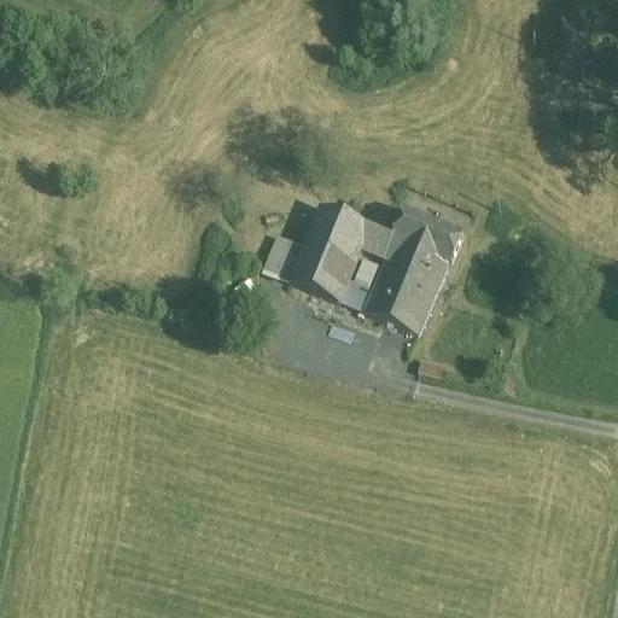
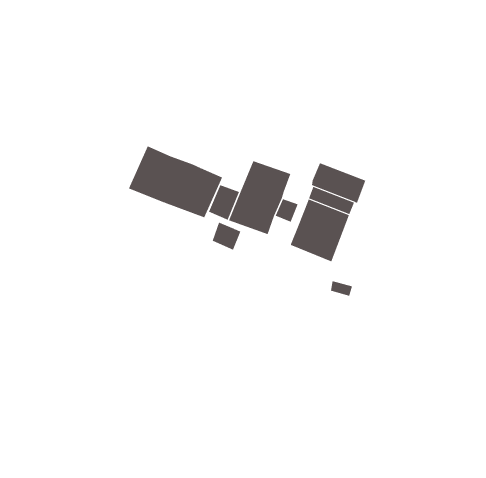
building: none -> [128,146,223,218]
building: [361,221,397,256] -> none
building: [340,274,378,310] -> [212,222,241,250]

